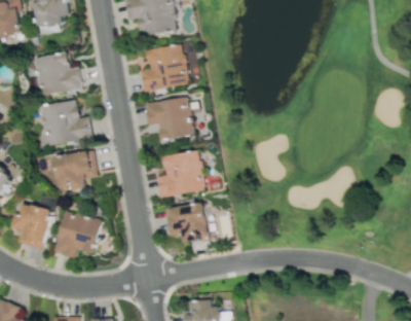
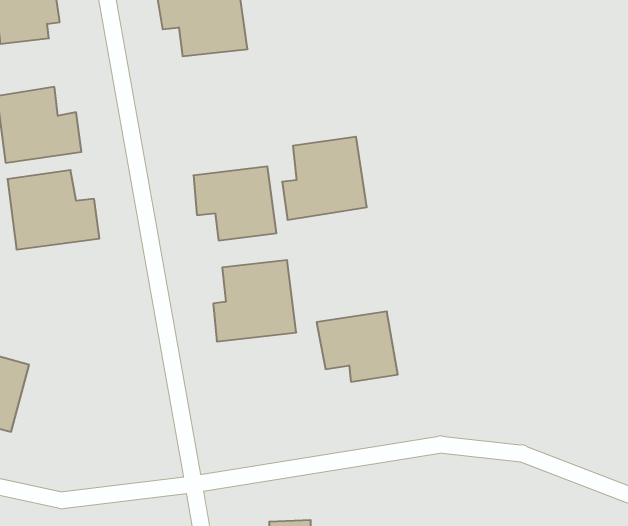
building: [140,44,188,92] -> [282,137,367,220]
building: [51,151,96,191] -> none
building: [162,203,209,243] -> [317,311,398,382]
building: [52,210,101,258] -> none

